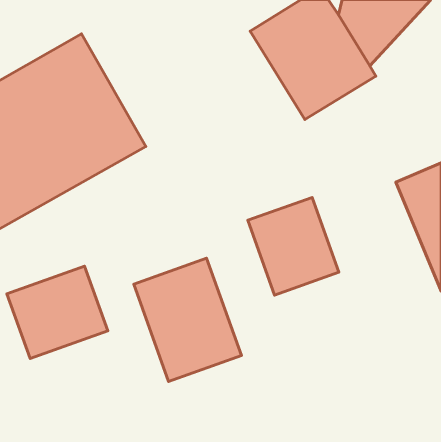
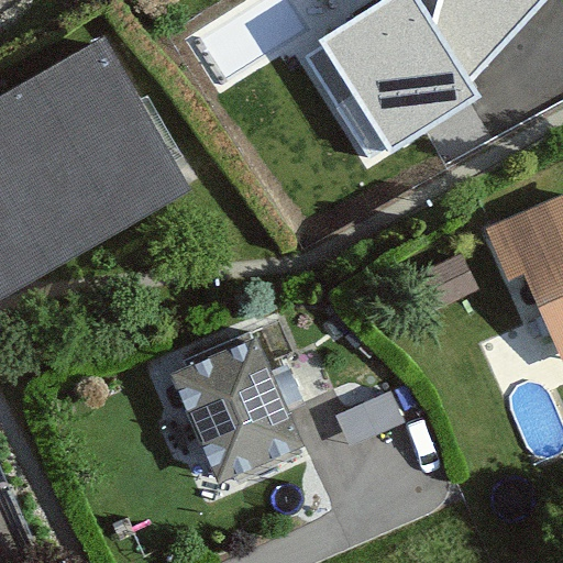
building: [248,197,339,295] -> none
building: [7,266,108,359] -> none

